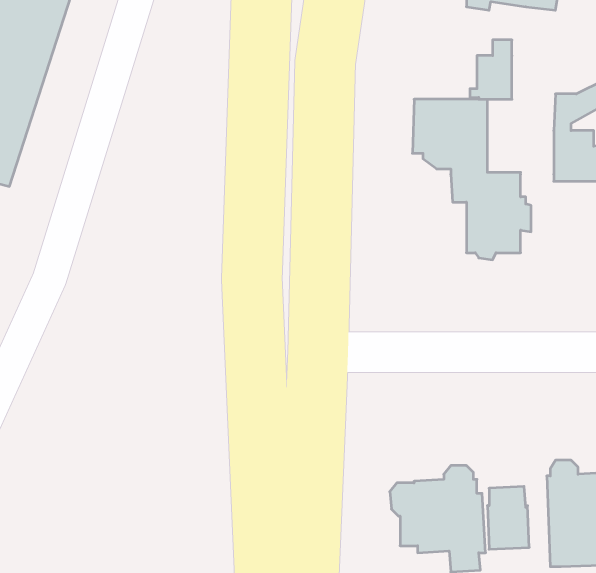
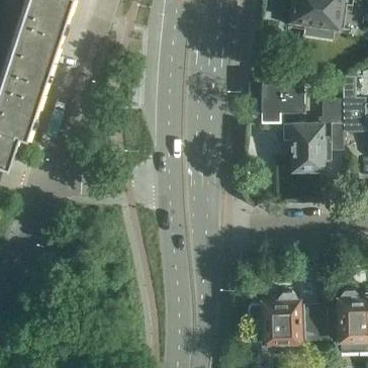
building: [470,40,512,99] -> [318,93,343,127]

